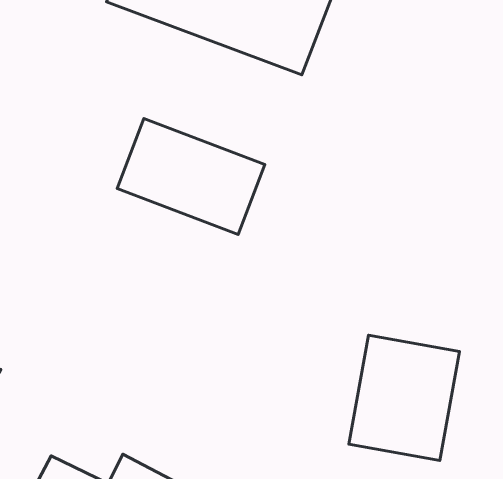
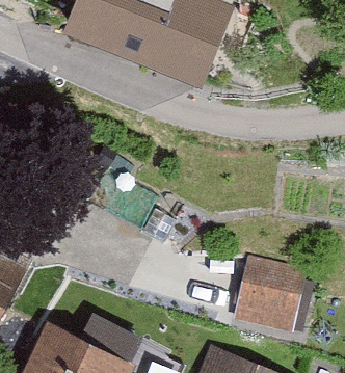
building: [117,118,265,234] -> none

